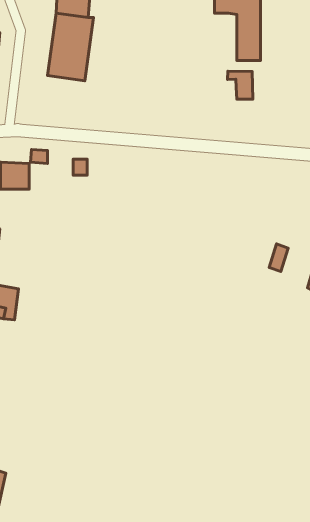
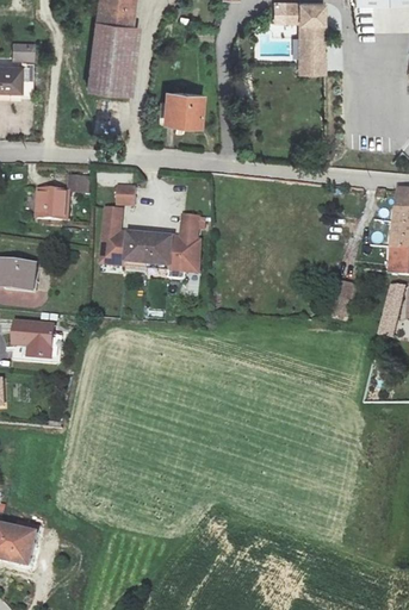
building: [227,71,253,99] -> none
building: none -> [162,95,199,126]
building: none -> [99,205,200,269]

